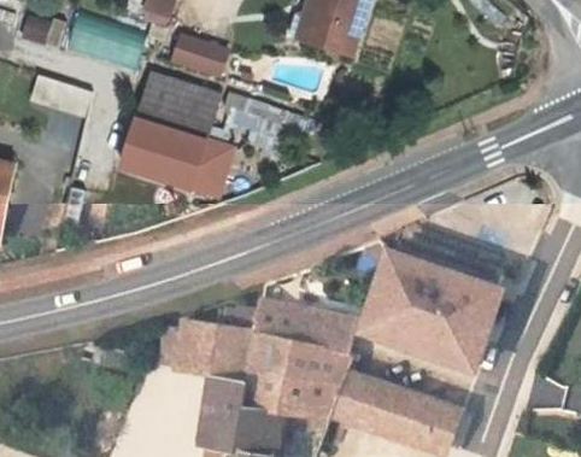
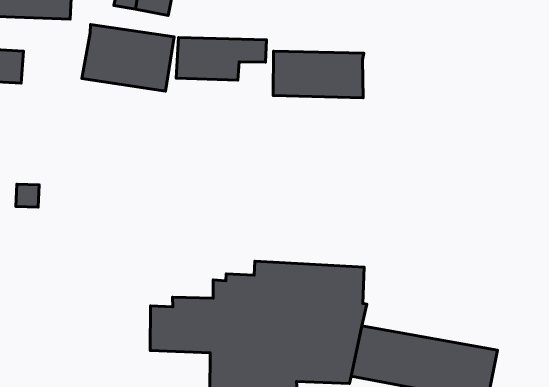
building: [122,119,235,191] -> none
building: none -> [273,51,364,98]
building: [363,250,500,367] -> none

